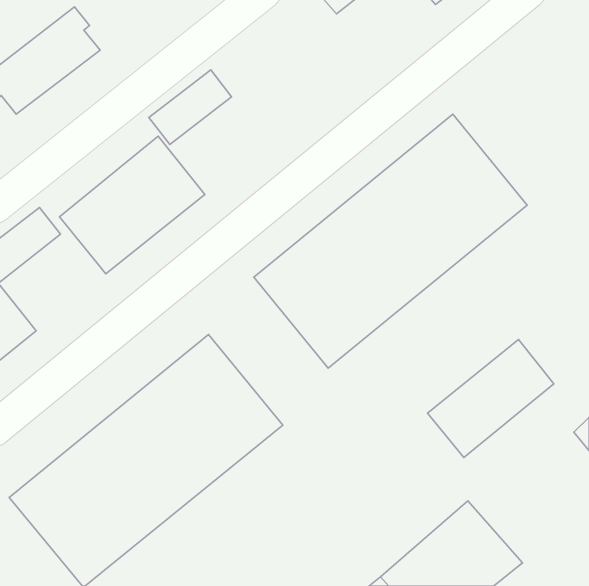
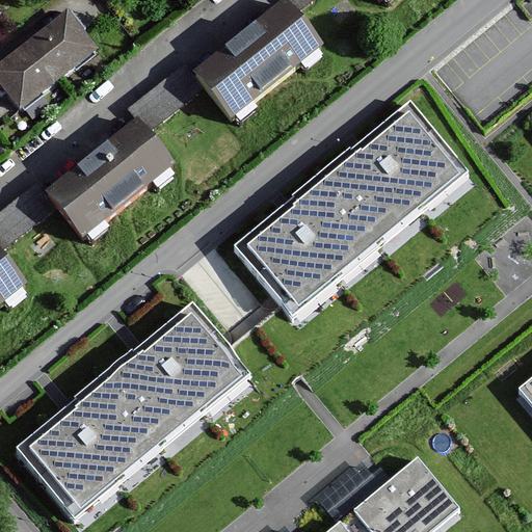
building: none -> [201,4,330,127]
building: [428,339,554,457] -> none

